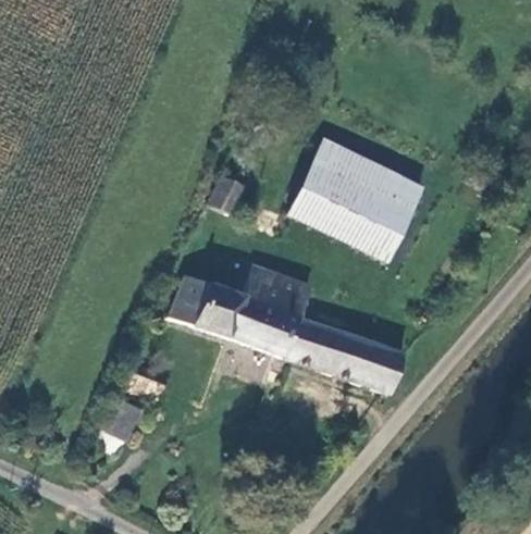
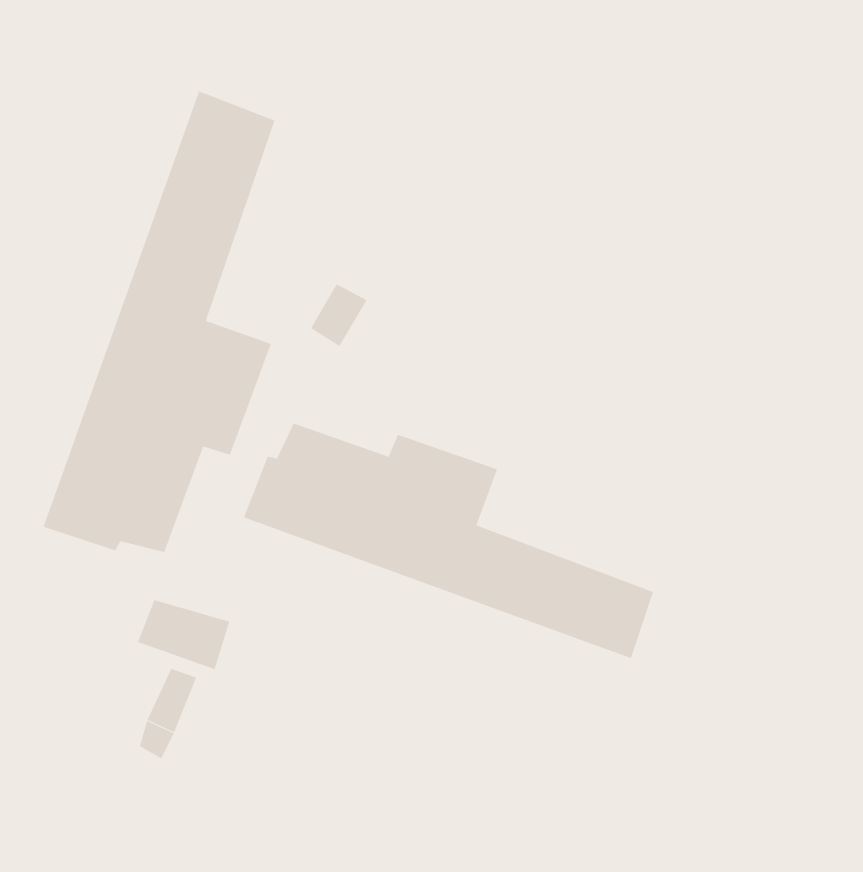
building: none -> [43,91,275,553]
building: [292,140,422,260] -> none

